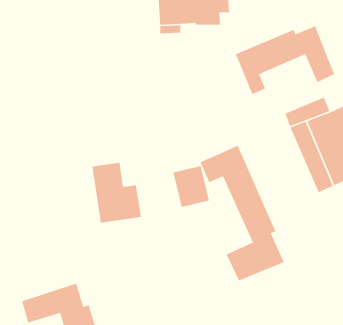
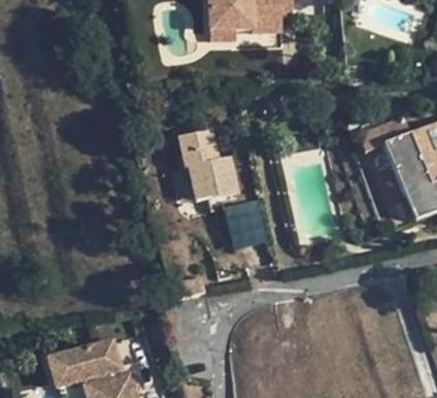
building: [235,25,335,95] -> none
building: [199,145,285,282] -> none
building: [91,162,142,224] -> [178,126,238,199]

